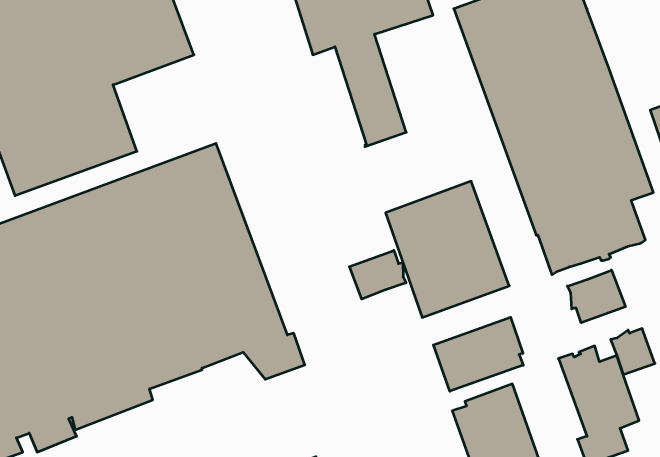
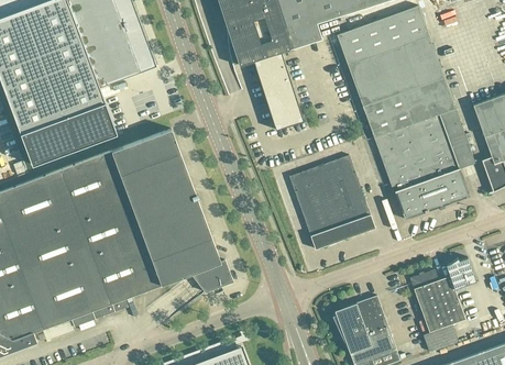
building: [349,250,406,299] -> none
building: [567,270,625,323] -> none
building: [433,317,523,391] -> none

